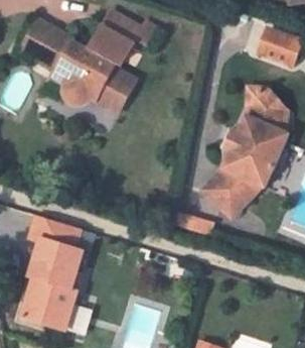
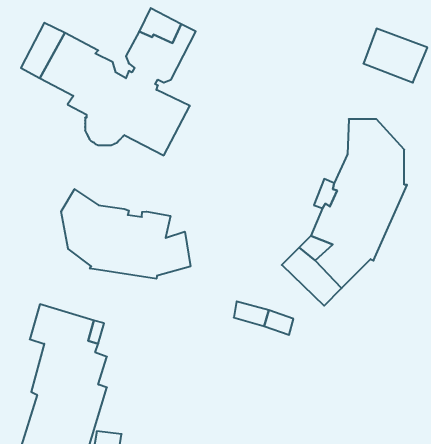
building: none -> [61,189,190,279]

